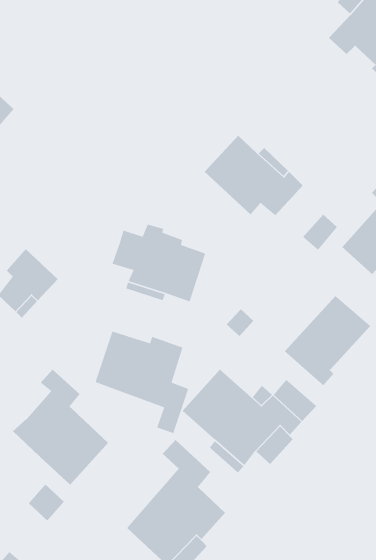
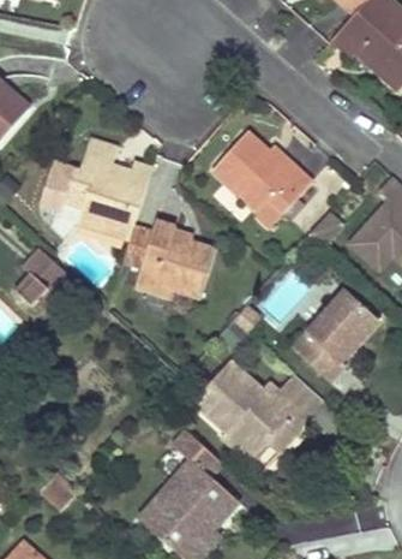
building: none -> [40,156,152,239]
building: [95,330,189,434] -> none
building: [12,369,109,485] -> none

